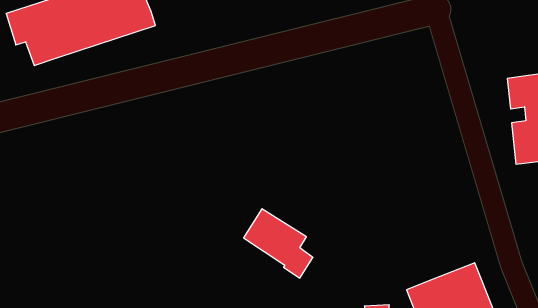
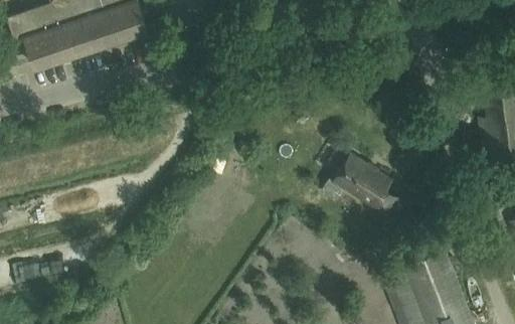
building: [244,209,313,278] -> [337,157,401,221]

